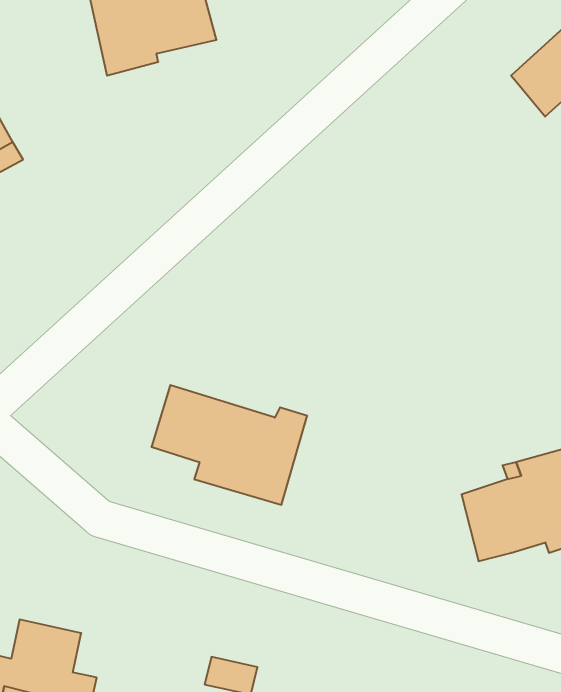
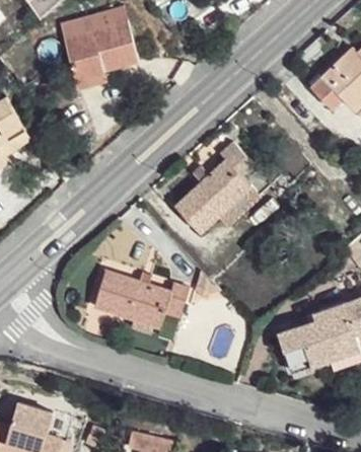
building: none -> [174,138,259,229]

